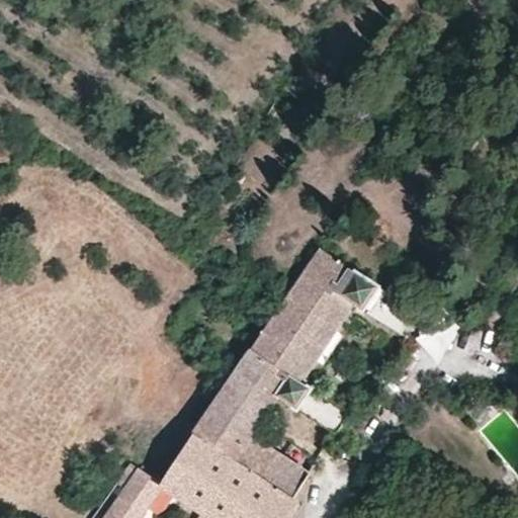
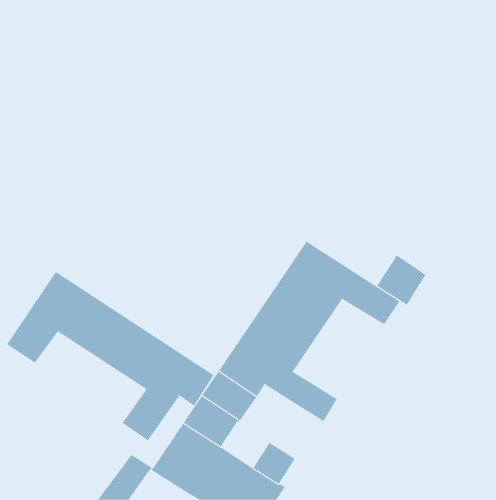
building: none -> [376,254,426,306]
building: none -> [6,271,214,441]
building: [229,436,278,484] -> none

